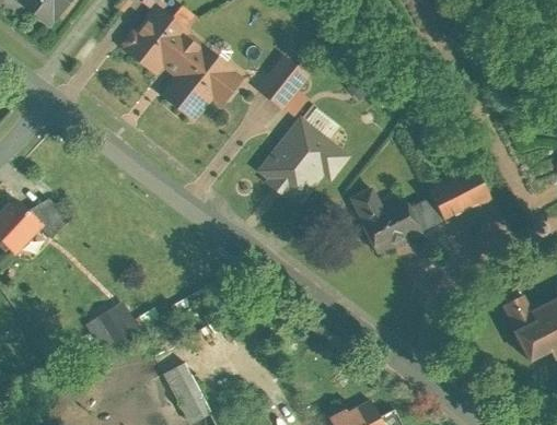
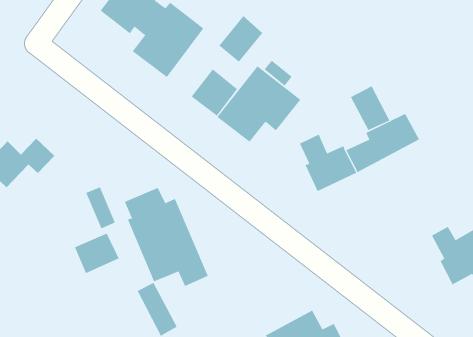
building: none -> [191,68,238,117]
building: none -> [350,85,390,131]
building: none -> [85,187,115,229]
building: none -> [124,187,208,287]

